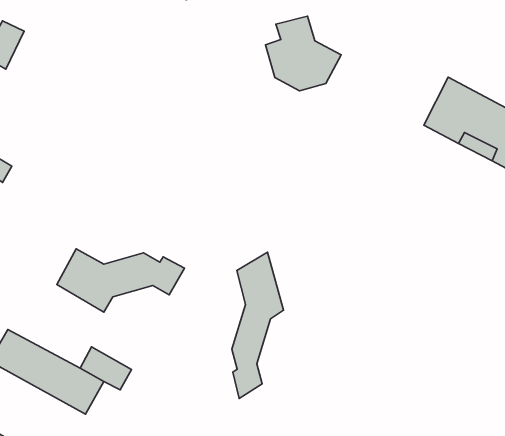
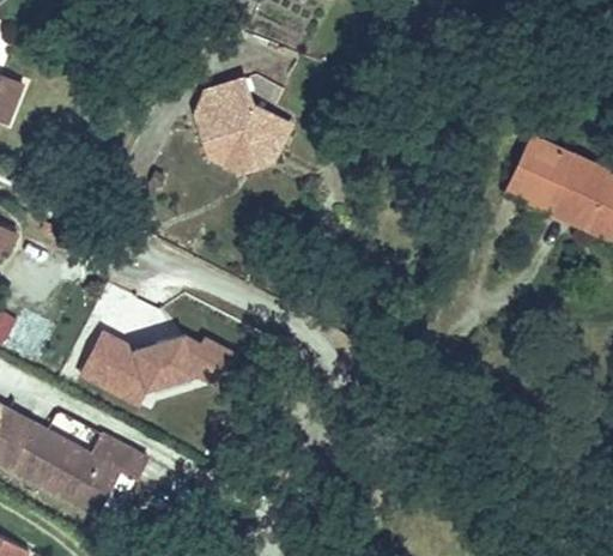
building: [266,16,341,91] -> [200,80,289,168]
building: [232,252,284,398] -> none

